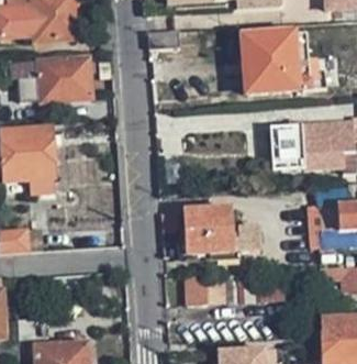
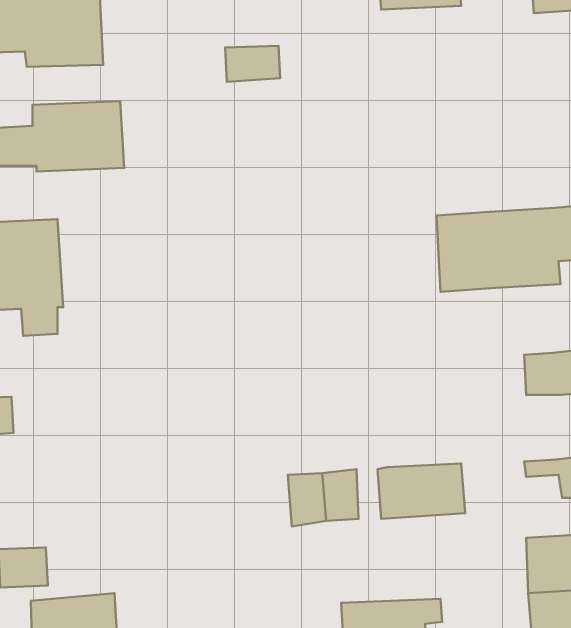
building: [245,34,326,92] -> none
building: [182,207,260,255] -> none

